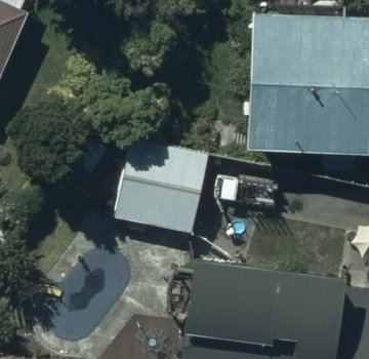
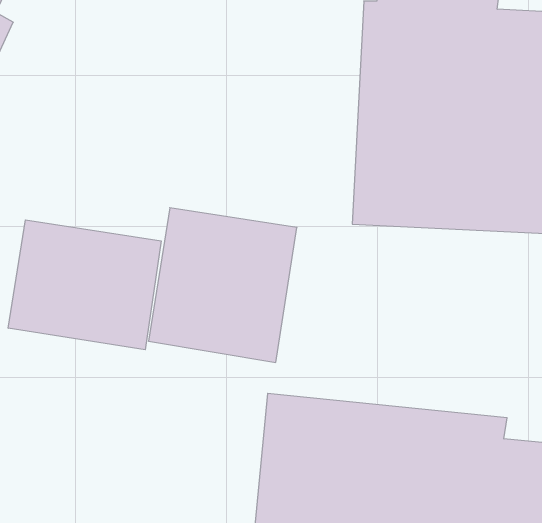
building: none -> [8,220,161,350]

